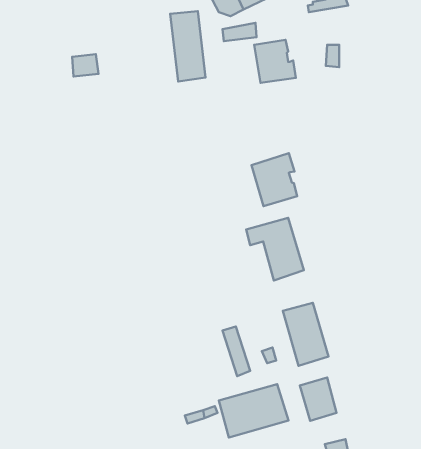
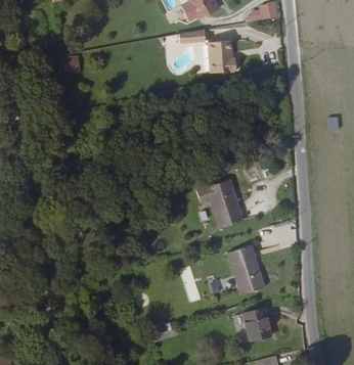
building: [170,11,206,82] -> none
building: [251,153,297,206] -> none
building: [219,384,288,437] -> none

